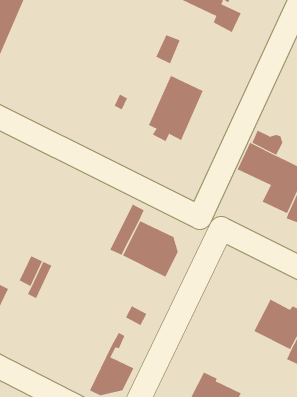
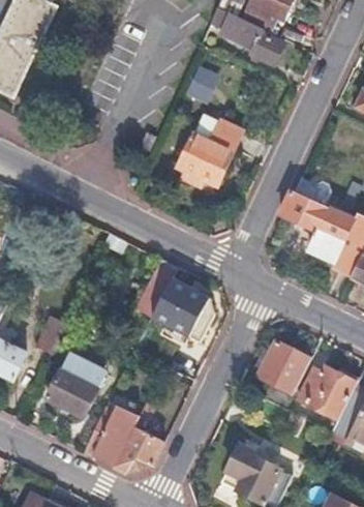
building: none -> [261,341,311,393]
building: none -> [47,359,103,416]
building: none -> [84,406,139,466]

